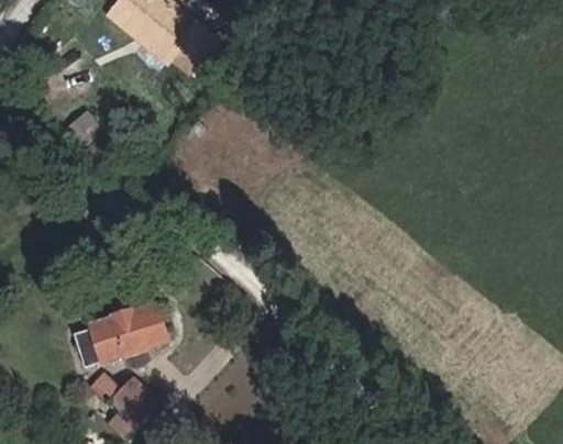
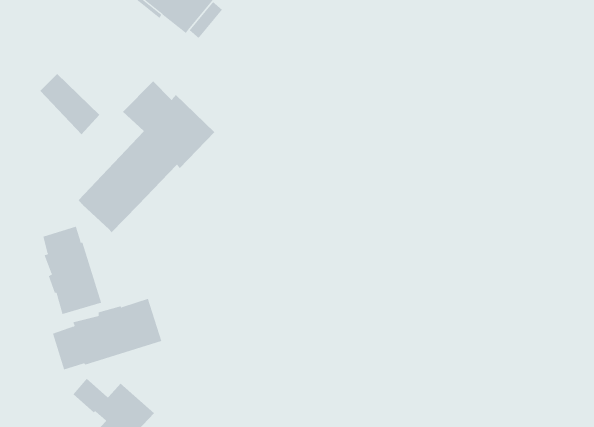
building: none -> [78,80,215,233]
building: none -> [43,226,102,315]

